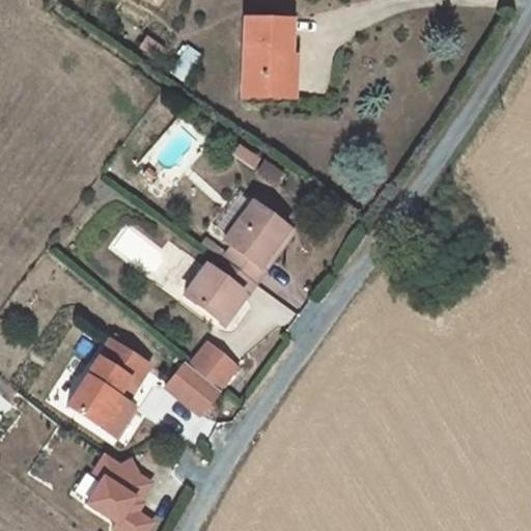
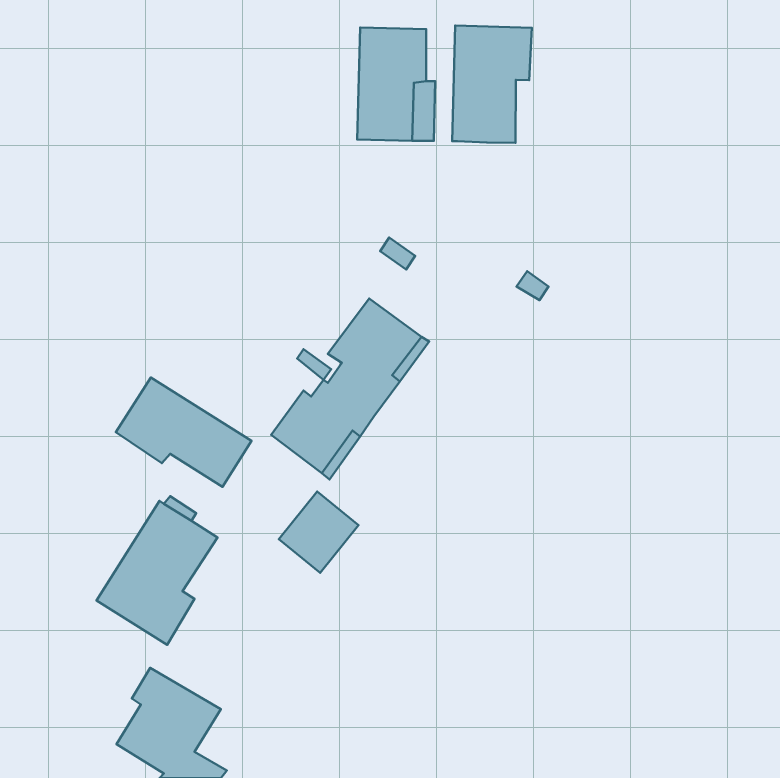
building: none -> [452,26,532,143]
building: none -> [116,377,251,487]
building: [167,361,220,413] -> none

